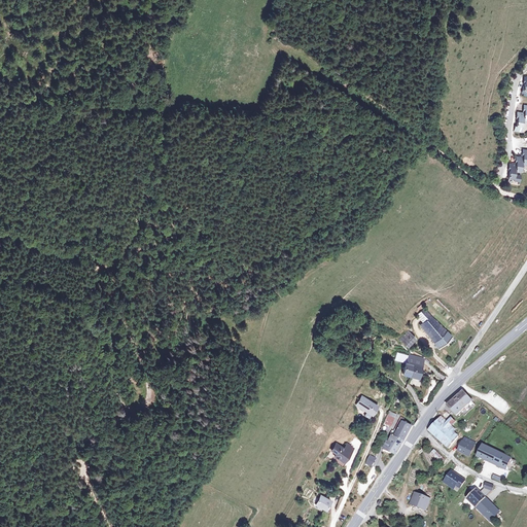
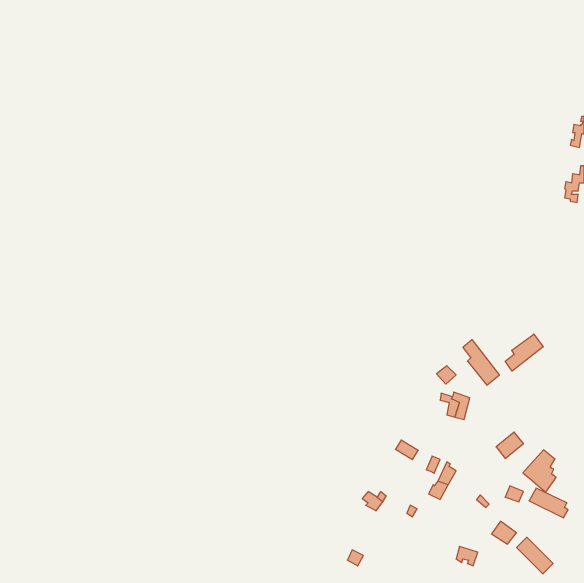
building: none -> [505,334,543,371]
building: [426,409,456,447] -> [523,450,556,492]

